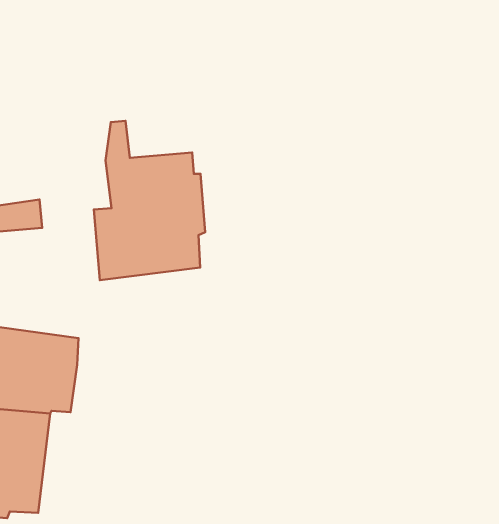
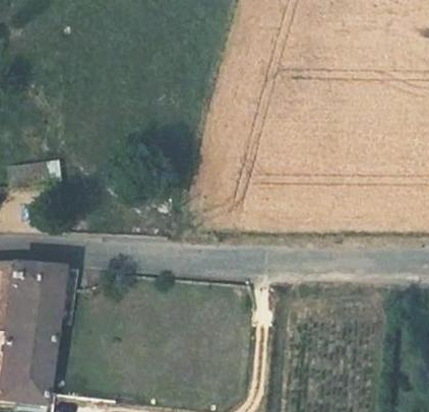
building: [94,121,205,280] -> none

